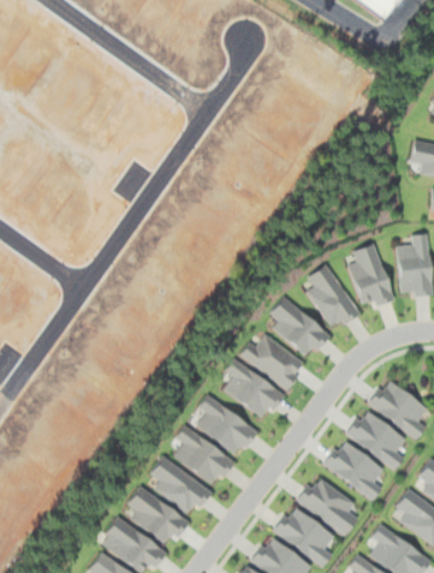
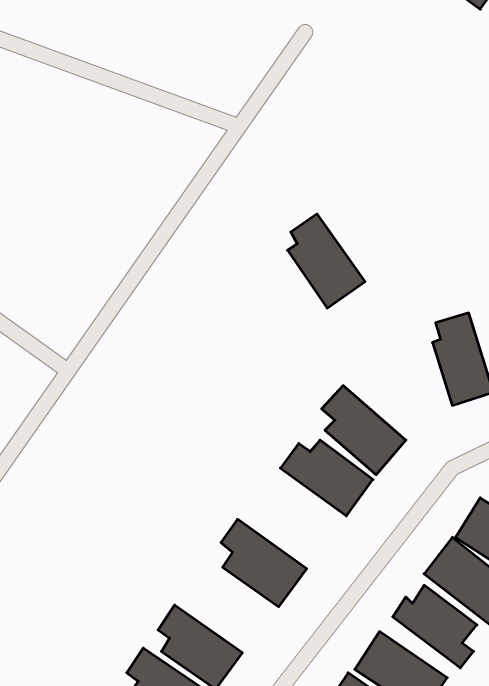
building: [305,263,362,332] -> [287,214,365,308]
building: [224,356,285,422] -> none
building: [173,424,234,488] -> none

